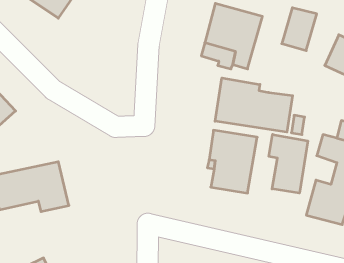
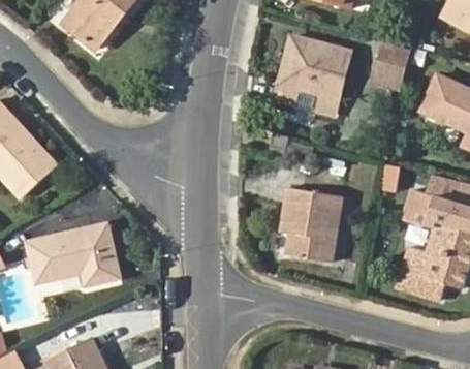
building: [215,78,293,132] -> none
building: [269,134,308,193] -> none

